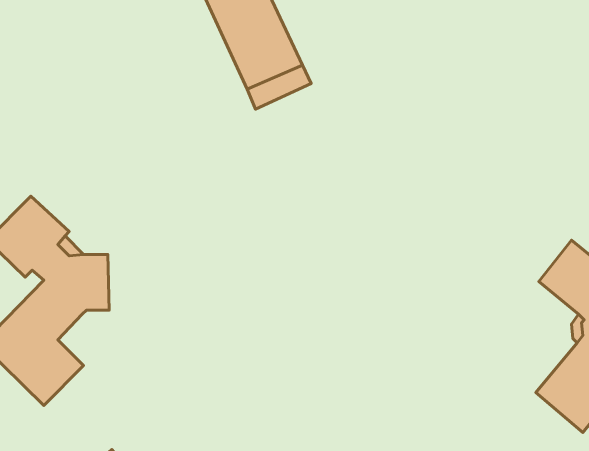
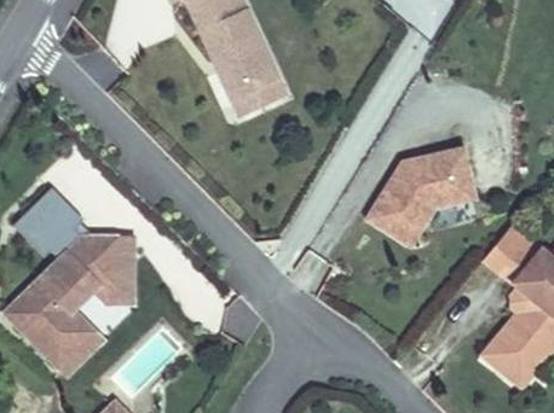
building: none -> [367,149,474,246]
building: none -> [94,238,134,302]

